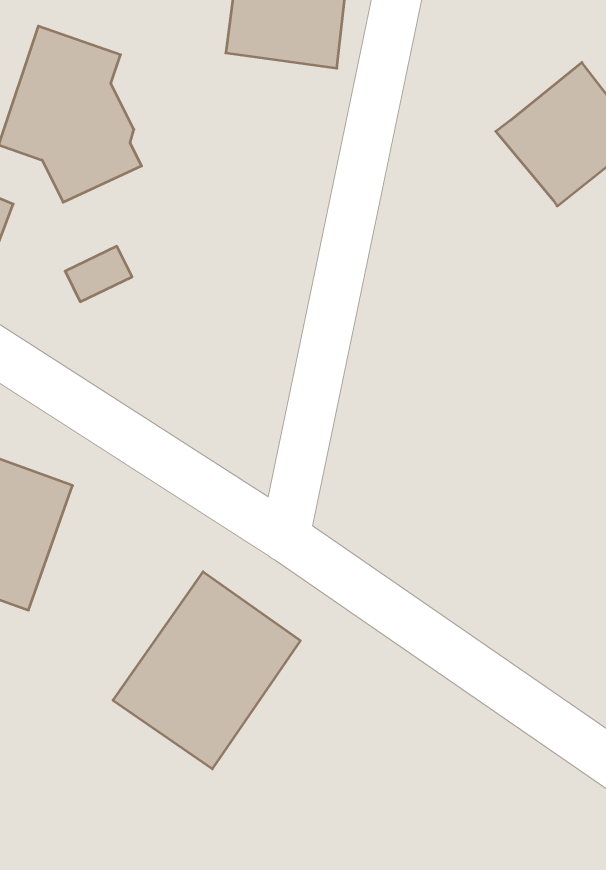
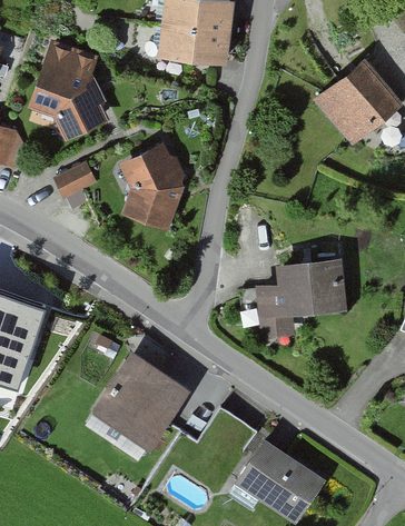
building: none -> [131,148,192,231]
building: none -> [258,261,353,339]
building: none -> [226,437,315,519]

